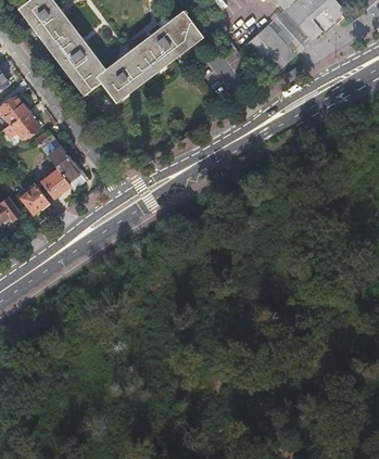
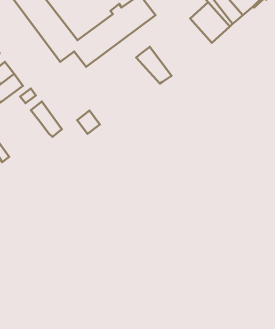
building: none -> [136,47,172,84]
building: [41,168,70,197] -> [77,111,100,134]
building: [17,182,47,213] -> none

